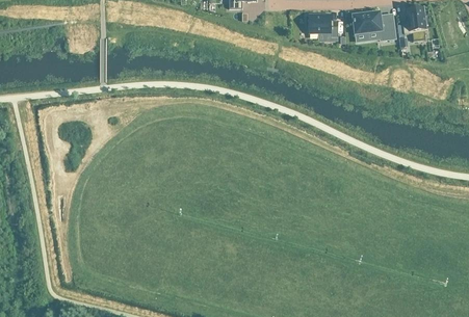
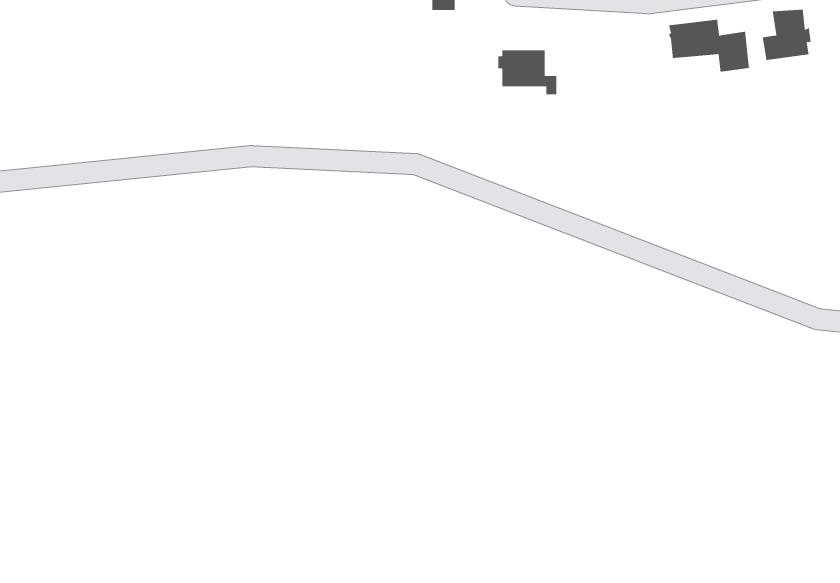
building: [306,12,337,36] -> [498,49,557,95]

